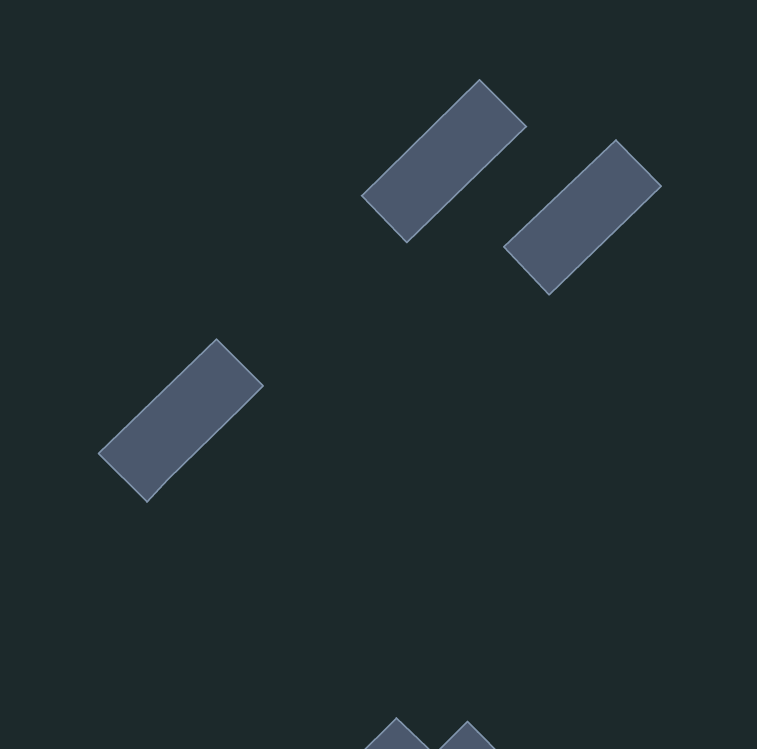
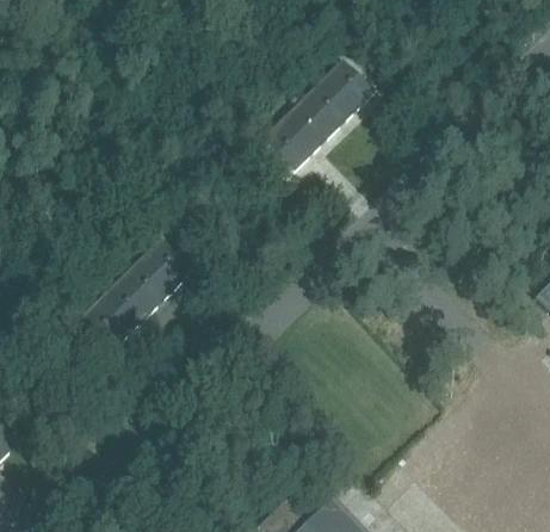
building: [504,140,661,295] -> none

